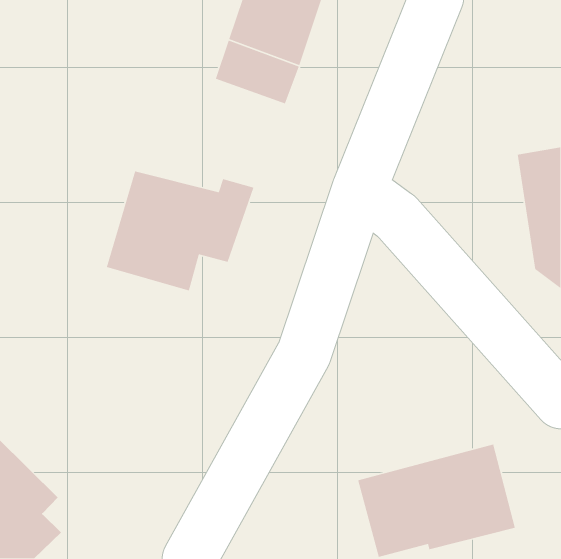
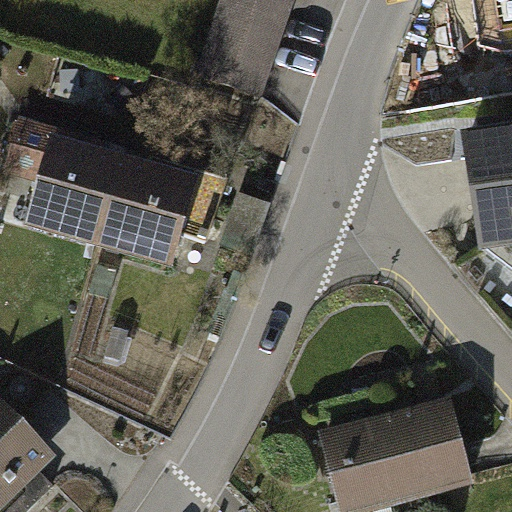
building: none -> [5,115,122,243]

